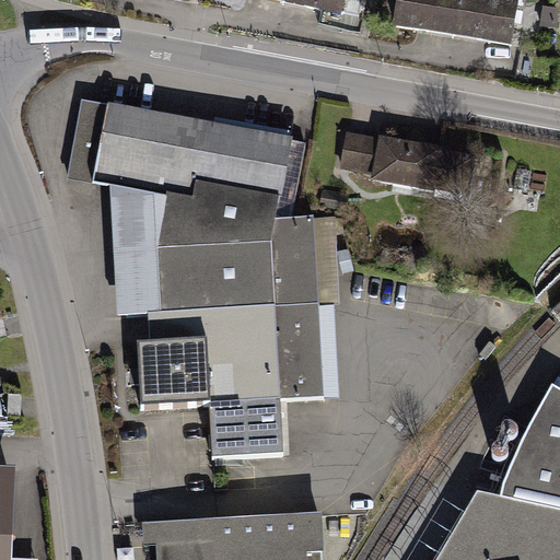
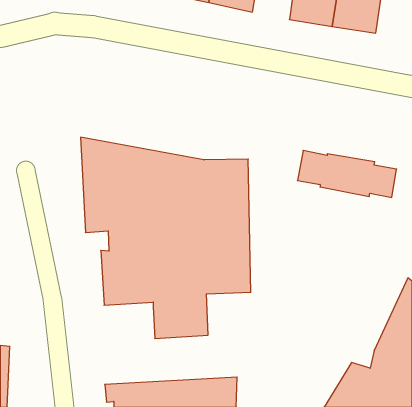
building: [66,98,292,217] -> none
building: [339,130,474,194] -> [297,150,397,197]

